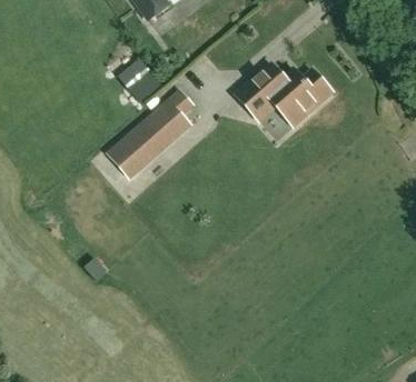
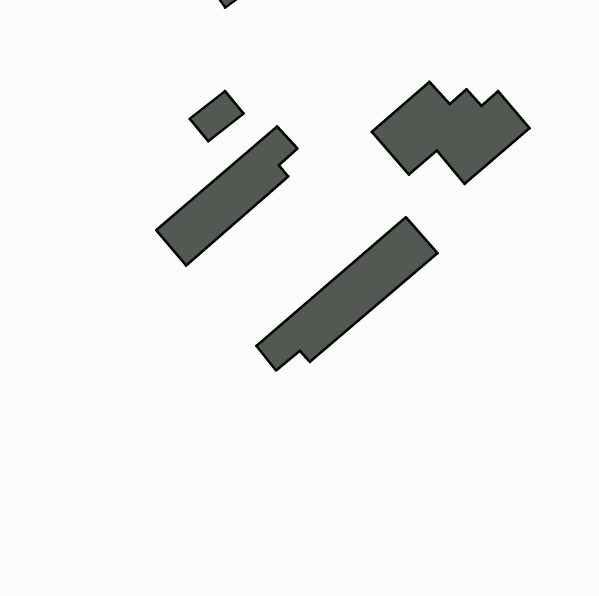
building: none -> [256,217,438,370]

